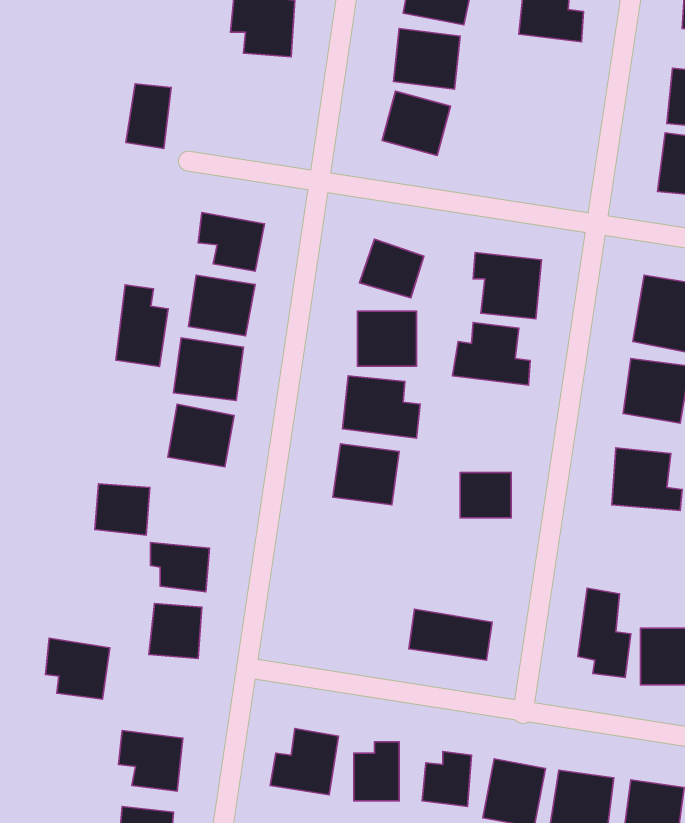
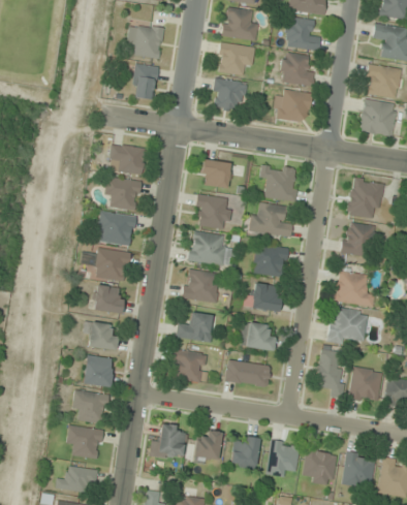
building: none -> [280,53,316,87]
building: [126,84,171,148] -> [133,65,158,100]
building: none -> [274,89,312,123]
building: [116,285,168,366] -> none
building: none -> [255,247,287,275]
building: [95,484,150,535] -> [94,286,124,314]
building: none -> [328,308,368,344]
building: none -> [178,313,214,342]
building: none -> [245,322,276,352]
building: none -> [171,350,208,382]
building: [45,638,110,699] -> [72,390,107,423]

